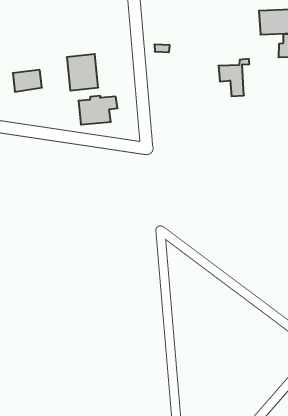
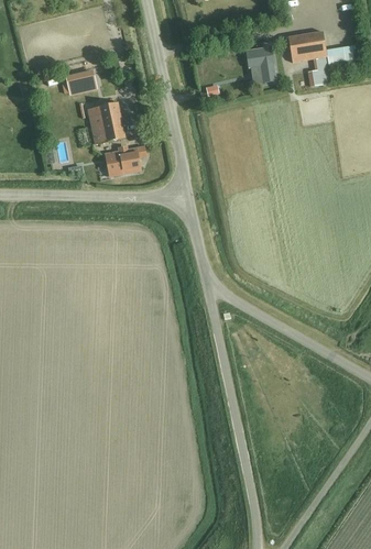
building: [218,59,249,96] -> [244,40,277,81]
building: [13,70,42,92] -> [65,69,98,96]

